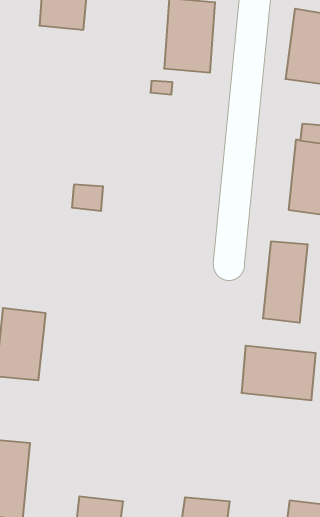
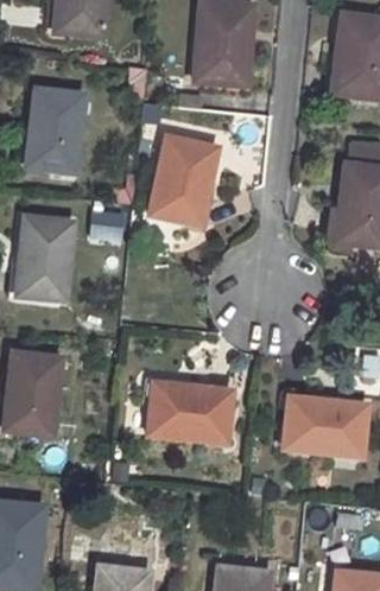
building: none -> [27,88,83,172]
building: none -> [150,135,216,225]
building: none -> [15,217,74,300]
building: [263,241,308,323] -> none
building: none -> [148,382,232,443]

